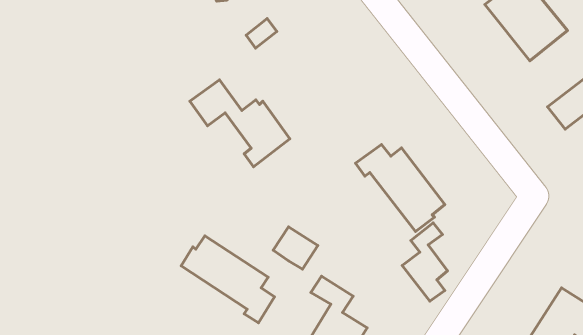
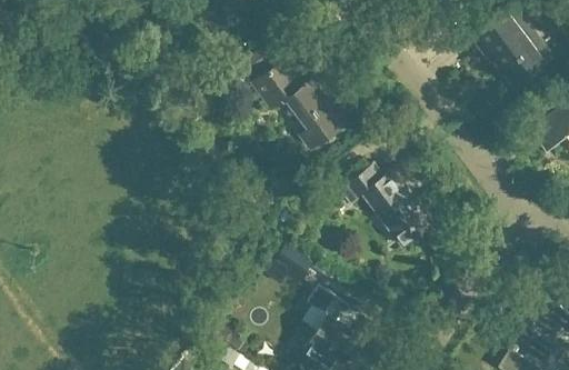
building: [190,80,290,167] -> [250,63,345,146]
building: [402,223,448,301] -> none
building: [181,236,274,323] -> none

